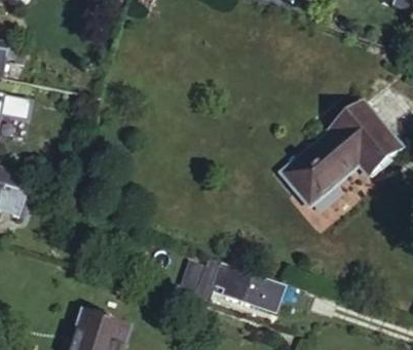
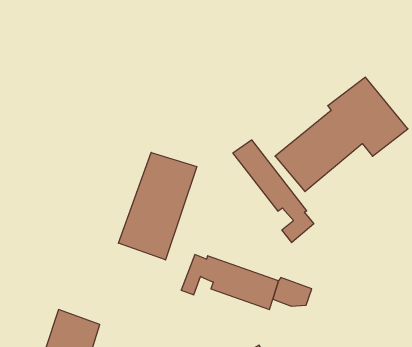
building: none -> [233,140,314,243]
building: none -> [118,152,197,260]

